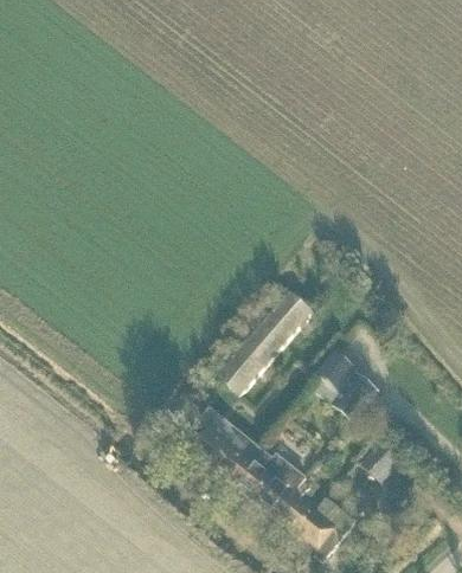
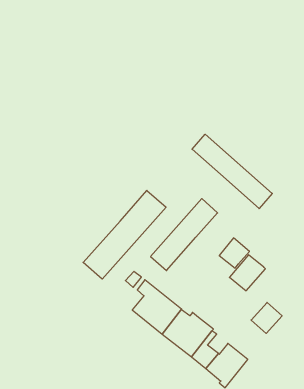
building: none -> [192,134,272,209]
building: none -> [83,190,166,279]

